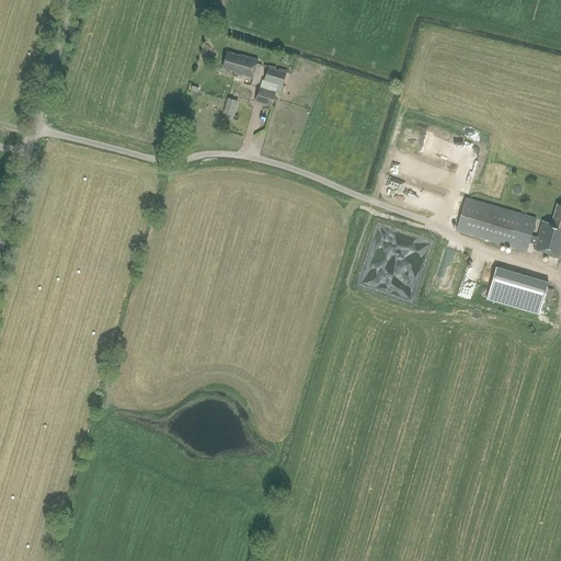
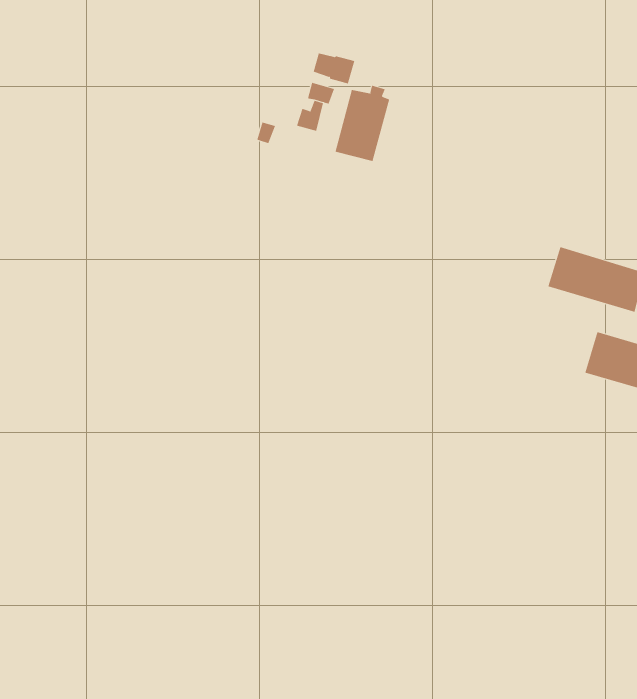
building: [222,51,256,77] -> [313,53,355,84]
building: none -> [335,85,390,162]

